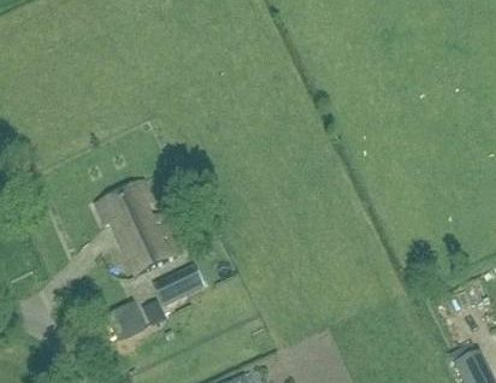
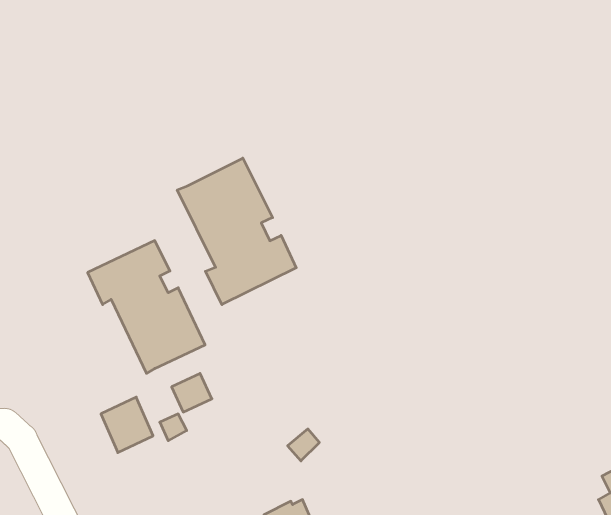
building: none -> [177,158,296,305]

